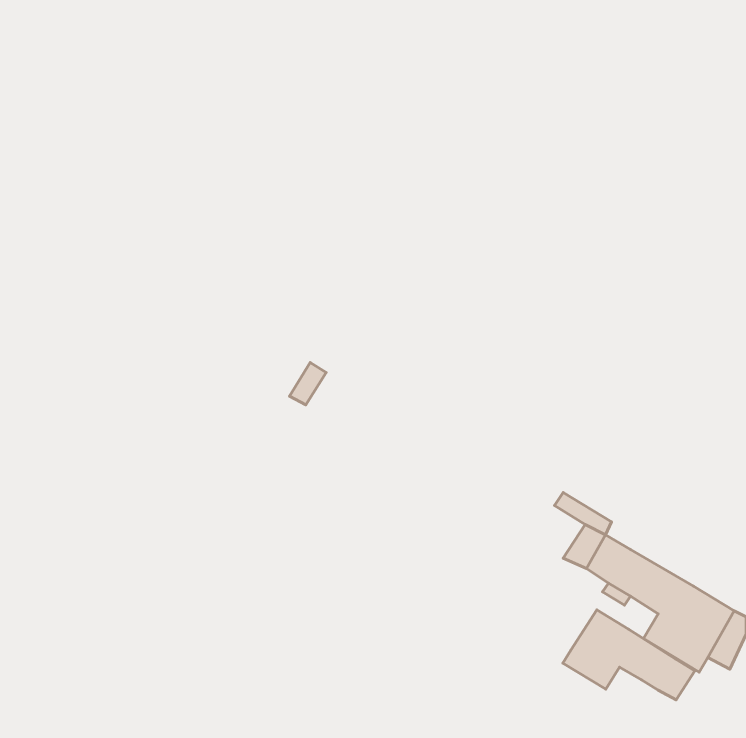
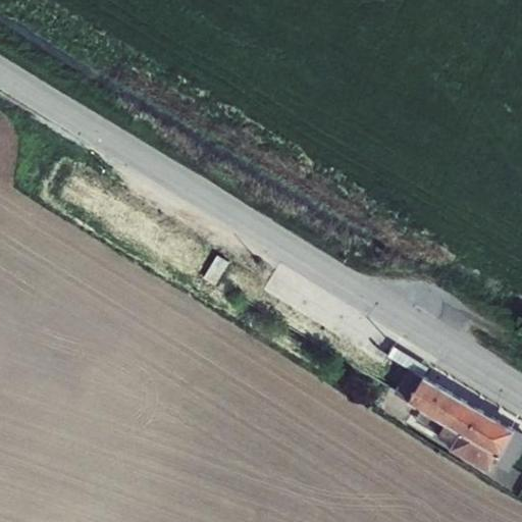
building: [563,610,695,700] -> none

